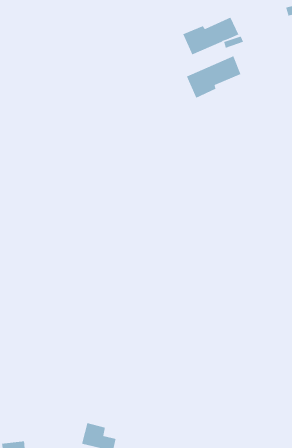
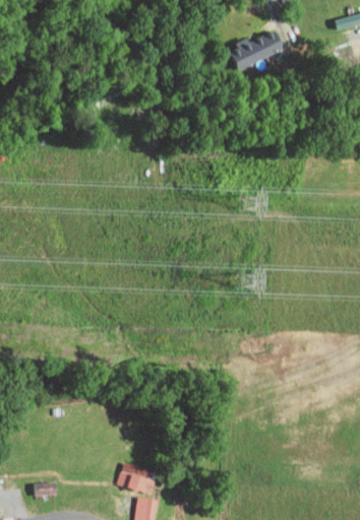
building: [186,55,241,99] -> none

